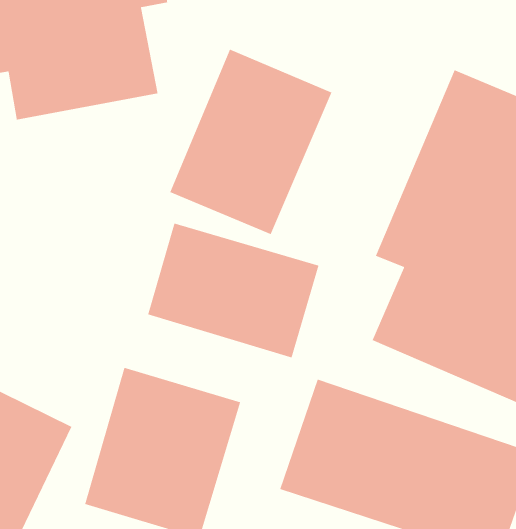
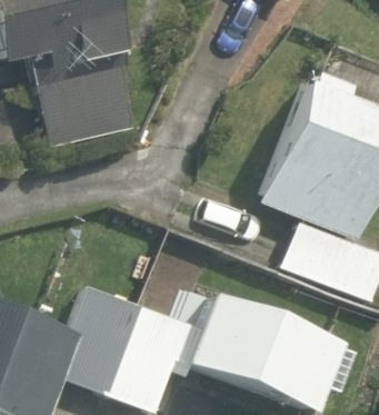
building: [169,48,333,235] -> none
building: [147,223,320,358] -> none

